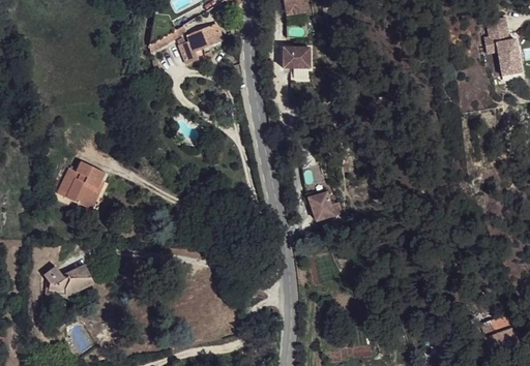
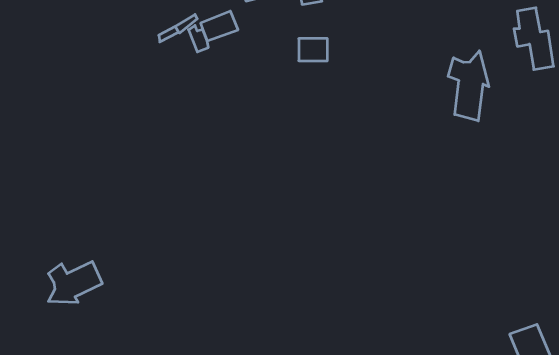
building: none -> [448,51,489,121]
building: [57,155,106,203] -> none
building: [311,192,344,222] -> none

